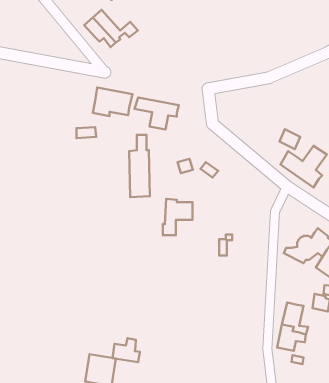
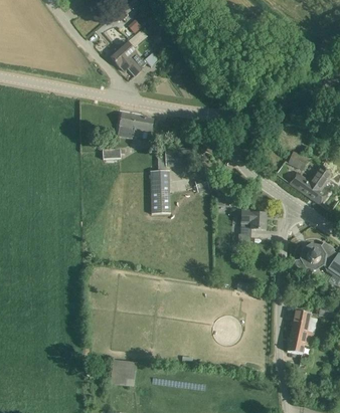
building: [135,97,179,130] -> none
building: [163,199,192,235] -> [237,210,265,243]
building: [113,338,140,362] -> none

